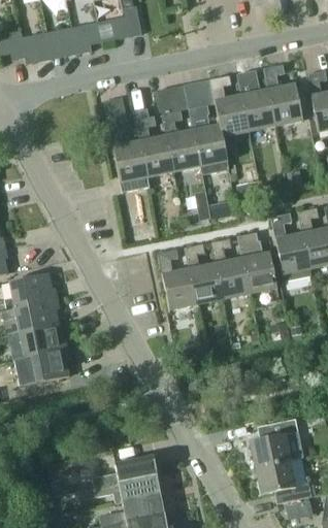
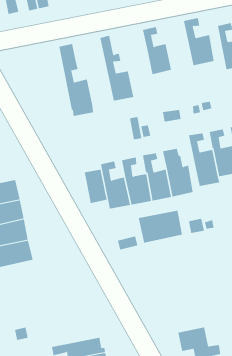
building: [237,70,275,131] -> none
building: [183,79,228,166] -> none
building: [133,107,173,176] -> none
building: none -> [84,169,107,204]
building: none -> [138,210,182,244]
building: [251,417,299,467] -> none
building: [92,455,158,486] -> none

